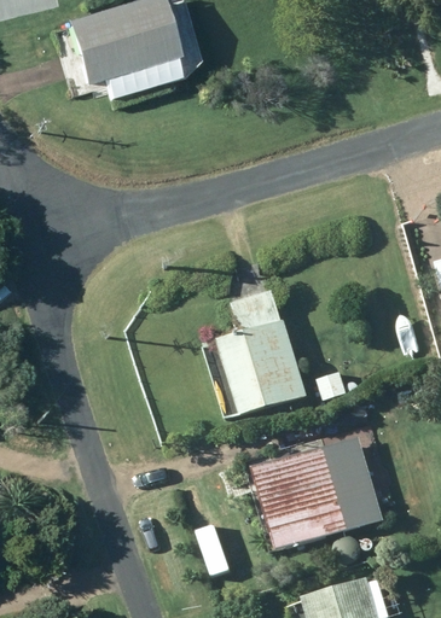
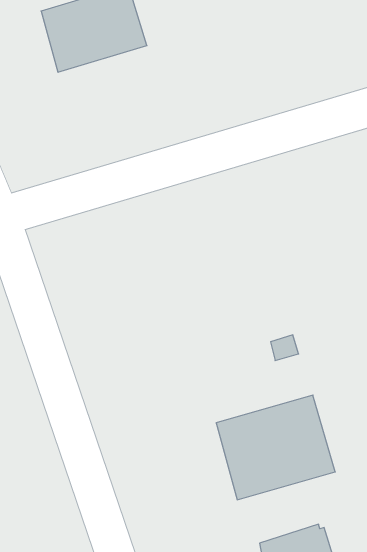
building: [219,290,308,415] -> none

